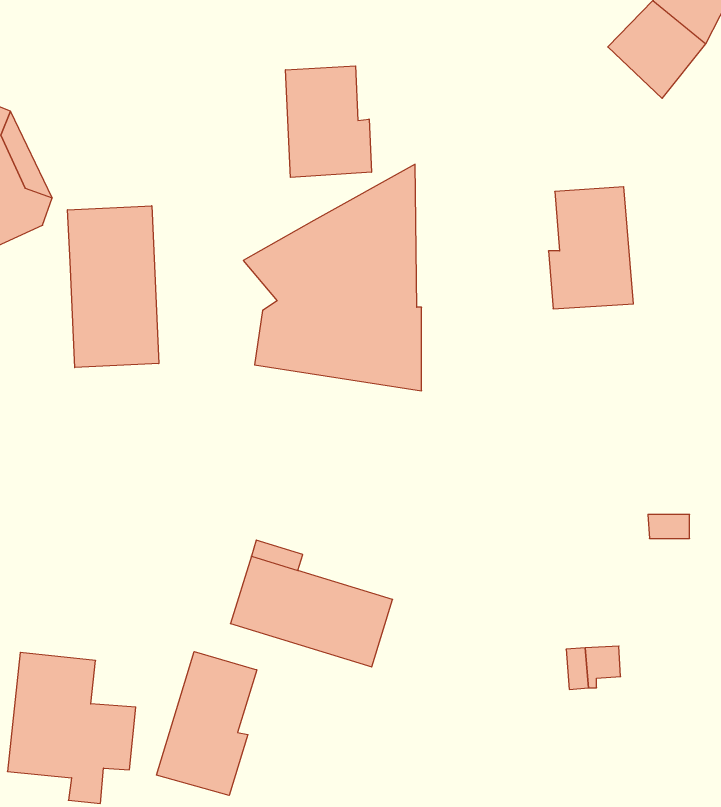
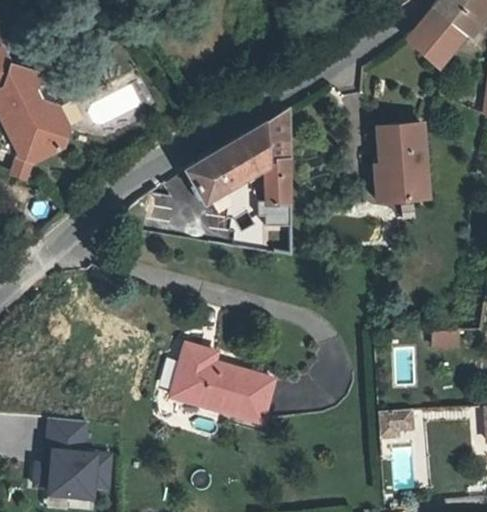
building: [286,66,371,177] -> none
building: [68,206,159,368] -> none
building: [156,652,257,795] -> none

